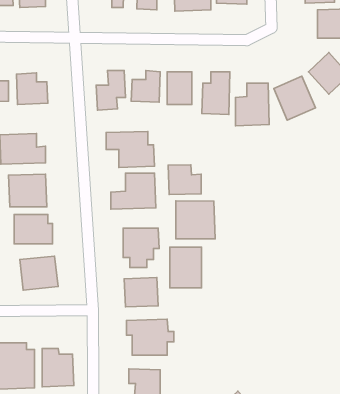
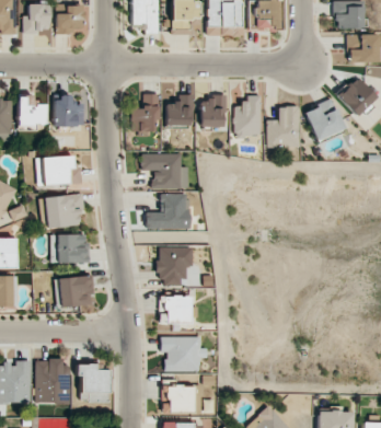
building: [168,165,201,195] -> none
building: [176,201,215,239] -> none
building: [170,247,202,288] -> none

